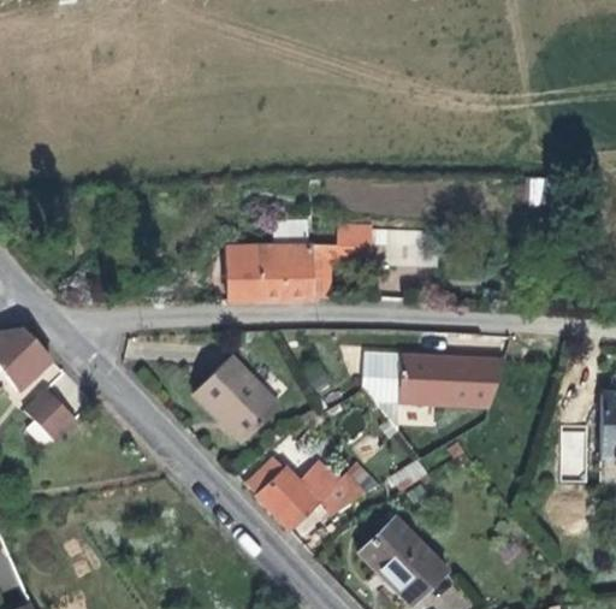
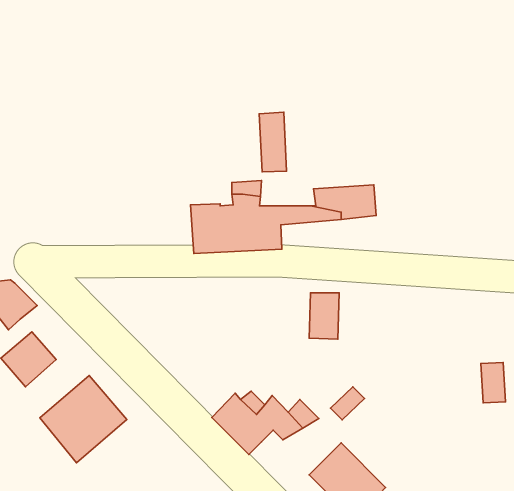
building: none -> [259,112,287,172]
building: [398,350,504,408] -> none
building: [190,351,277,438] -> none
building: none -> [40,376,127,463]

